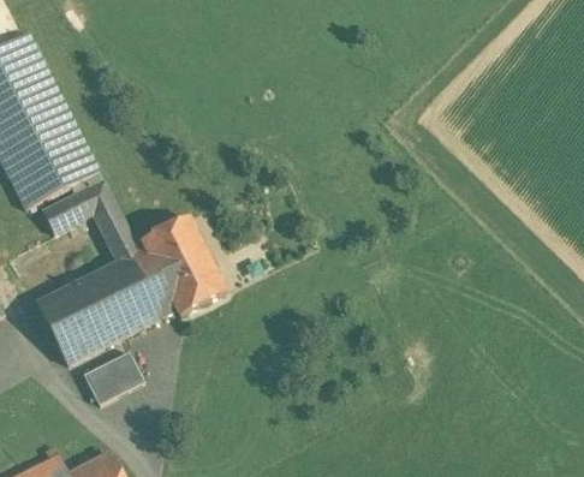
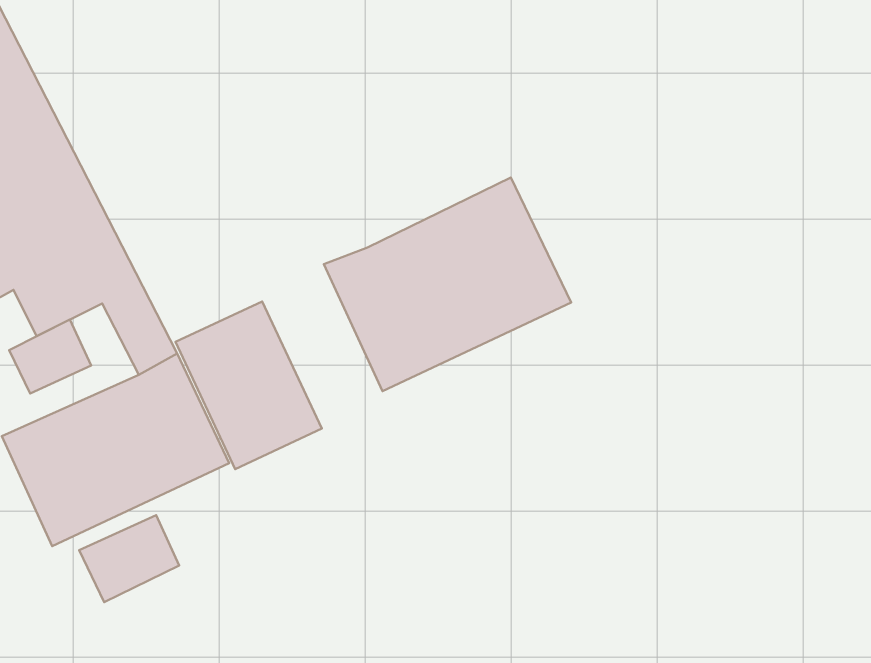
building: none -> [324,177,571,391]
building: none -> [9,320,91,394]

